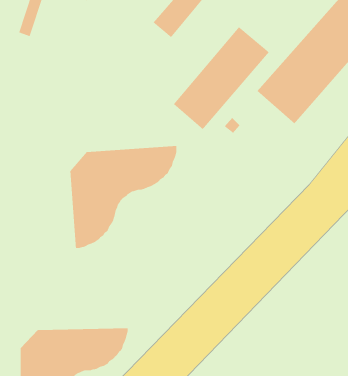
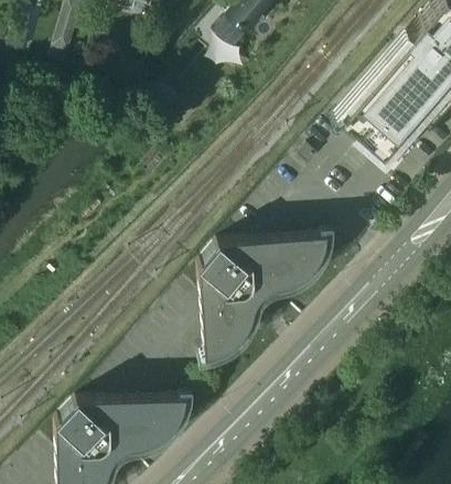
building: [173,26,270,130] -> none
building: [69,145,177,249] -> [200,233,327,356]

